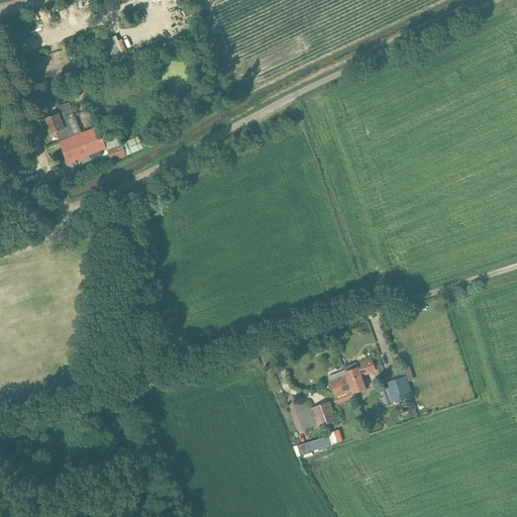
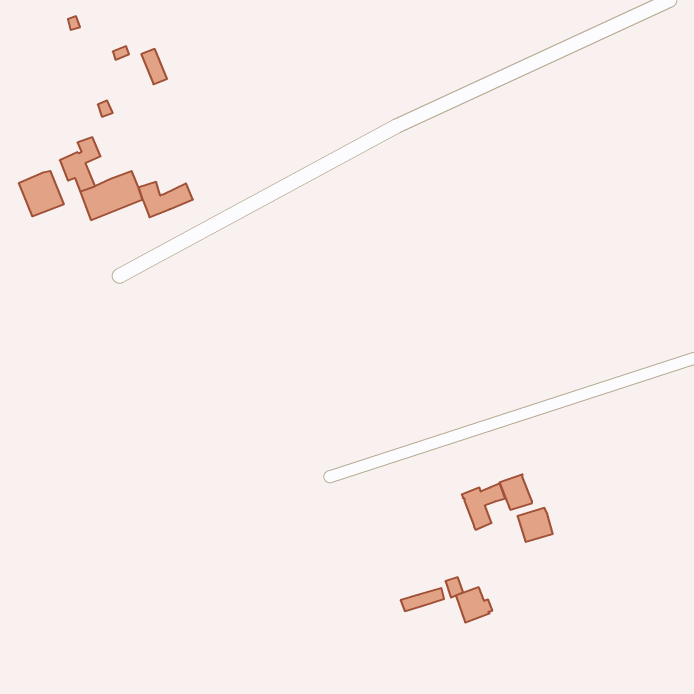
building: none -> [19,171,64,216]
building: [328,371,352,397] -> [499,474,532,510]
building: [312,402,339,428] -> [456,587,492,623]

